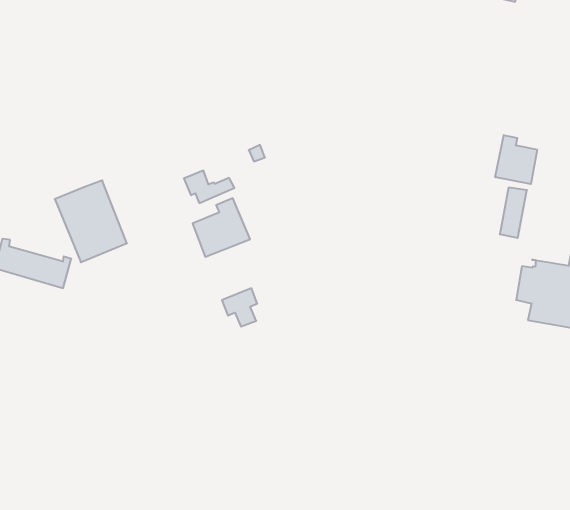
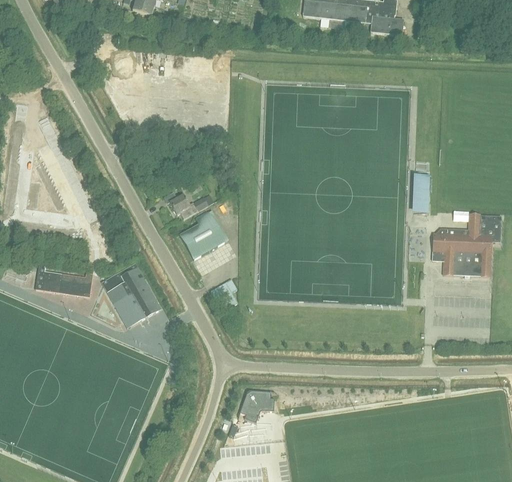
building: [495,135,537,184] -> none
building: [55,180,127,262] -> [101,262,160,326]
building: none -> [239,390,274,421]

